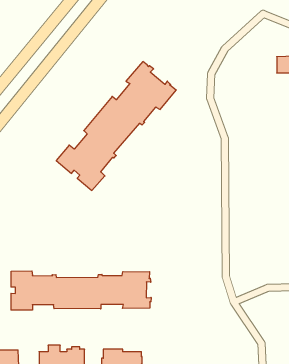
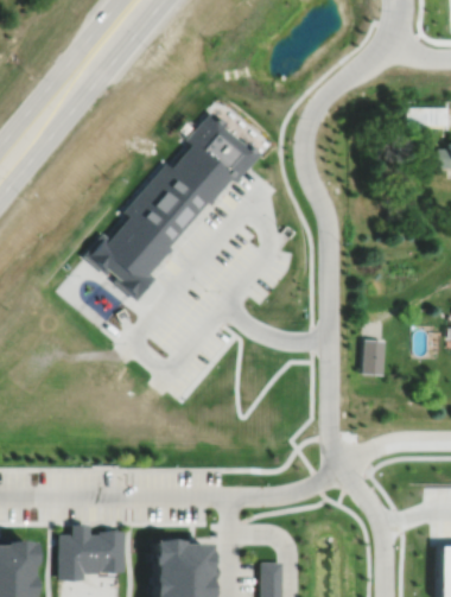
building: none -> [363,342,386,376]
building: [11,271,151,310] -> none

